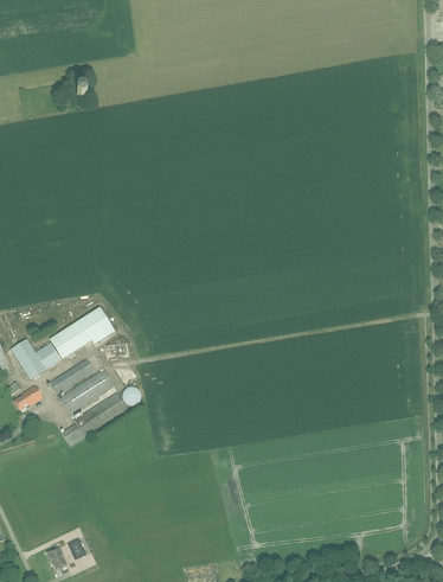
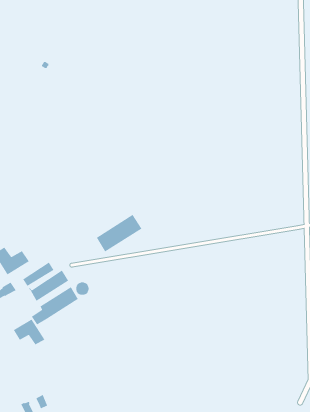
building: [50,306,113,358] -> [96,214,142,252]
building: none -> [13,318,45,346]

